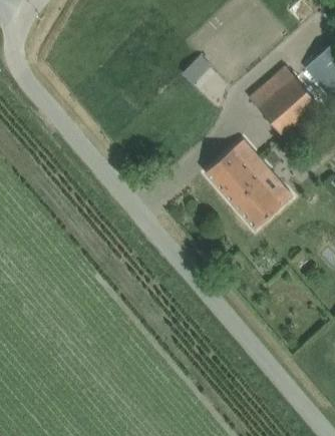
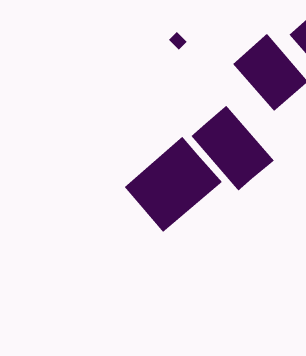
building: none -> [124,136,223,233]

